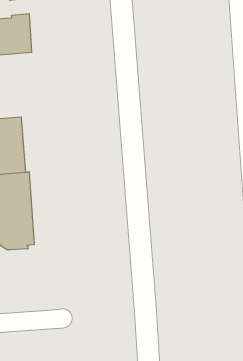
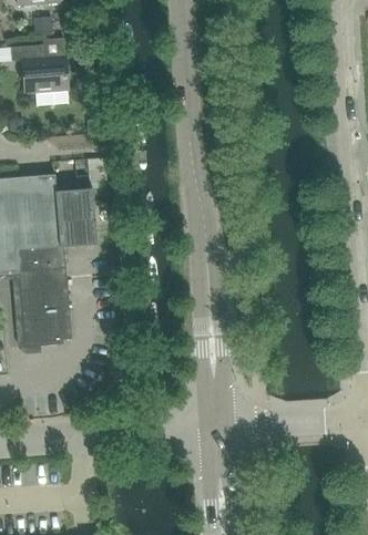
building: none -> [55,188,111,247]

